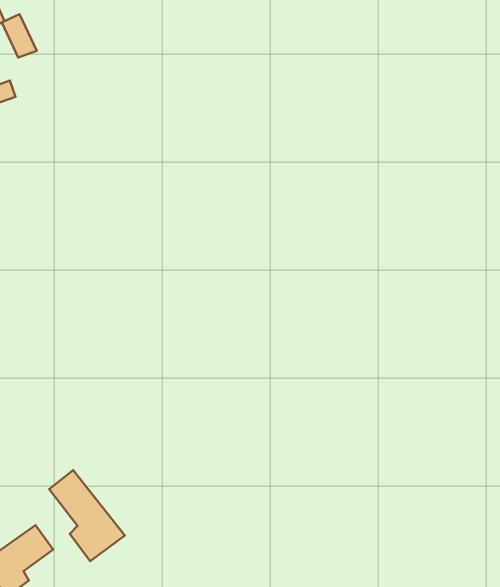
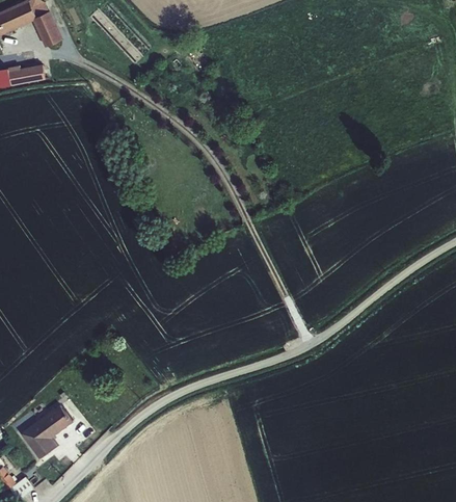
building: [49,470,125,561] -> none

